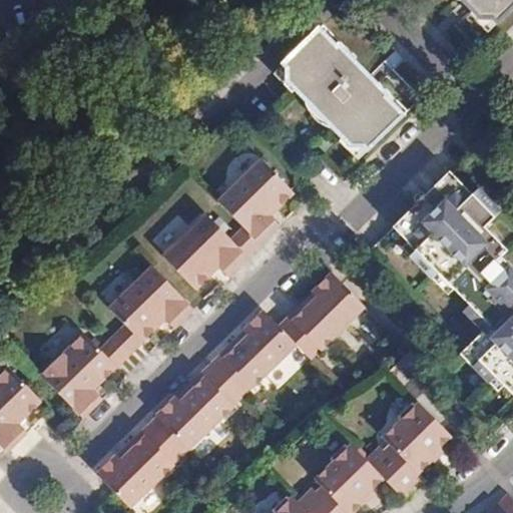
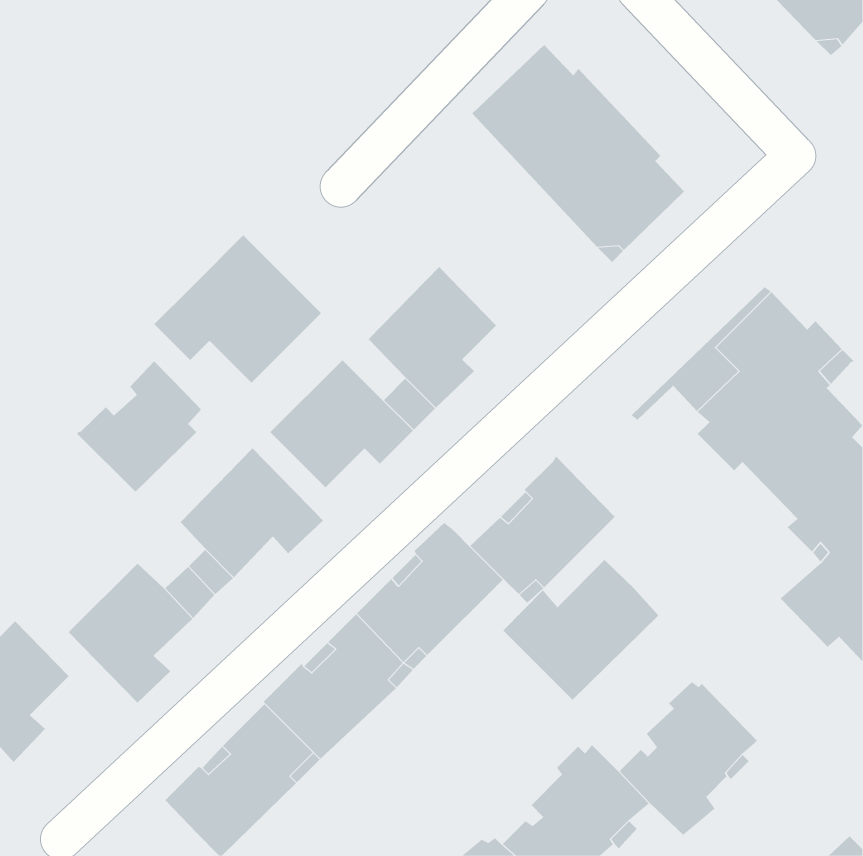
building: none -> [154,235,322,384]
building: none -> [76,361,202,492]
building: none -> [503,559,659,701]

